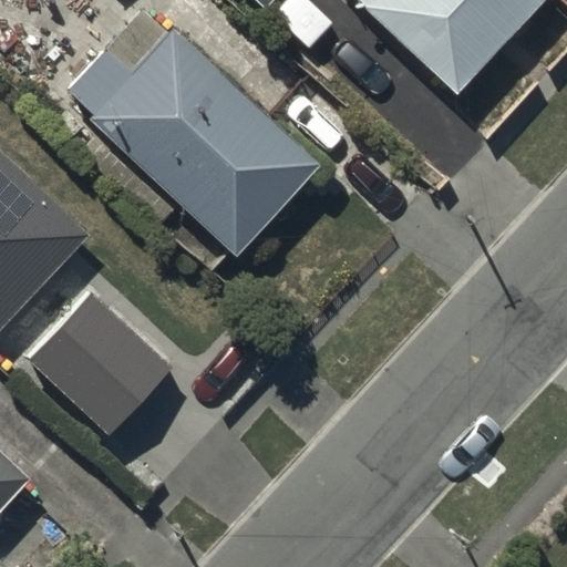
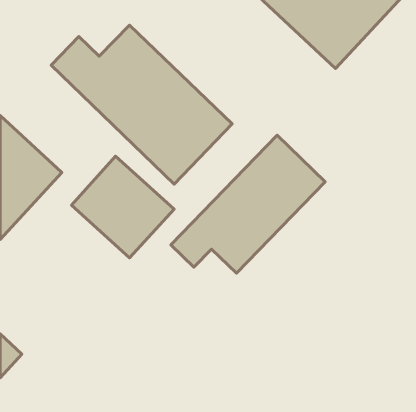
building: none -> [171,135,325,273]
building: [33,297,173,435] -> [72,156,174,258]

